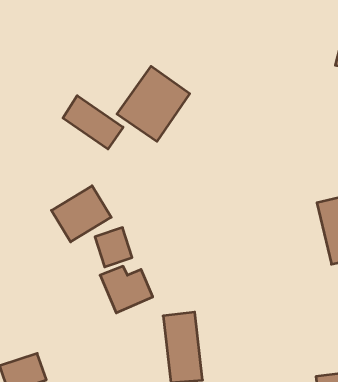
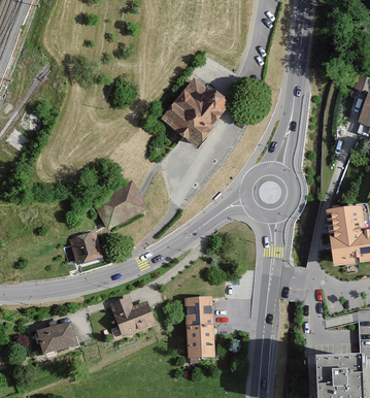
building: [63,96,123,149] -> none
building: [95,228,132,267] -> [72,230,103,263]
building: [100,266,153,313] -> [112,296,157,336]

